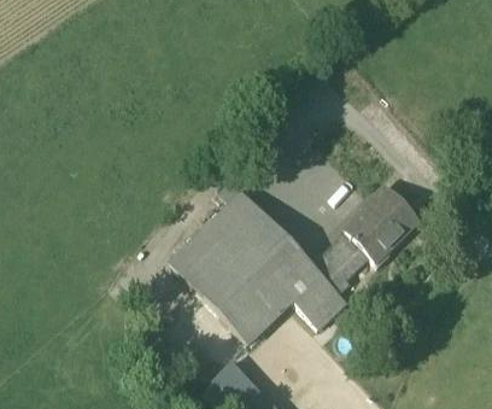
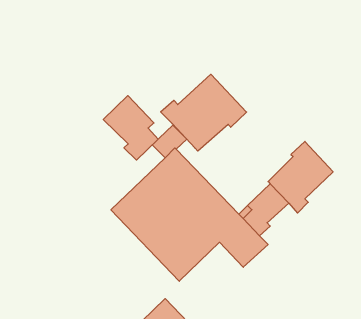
building: none -> [161,74,247,151]
building: none -> [103,96,158,160]

